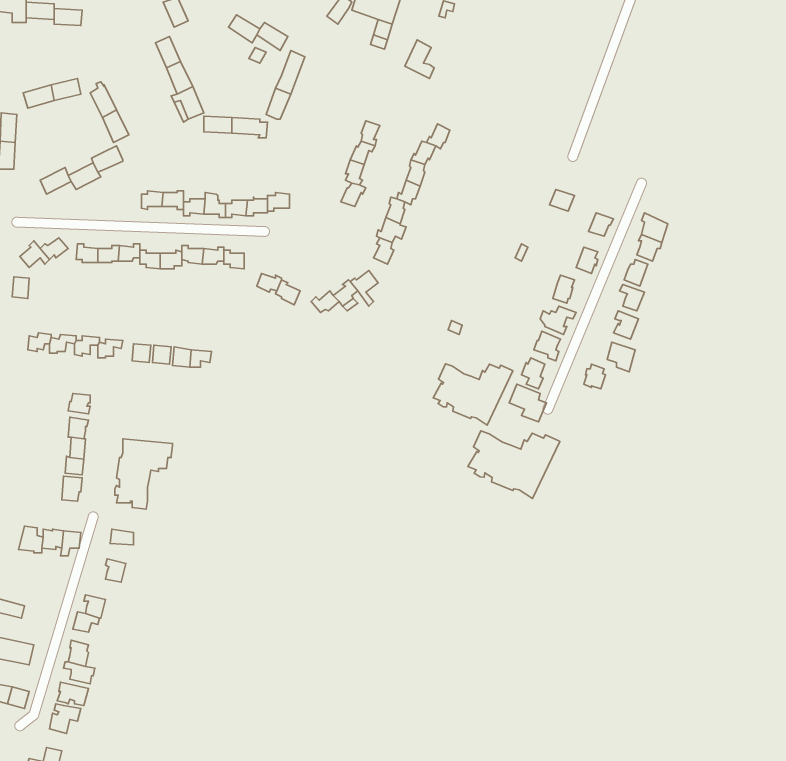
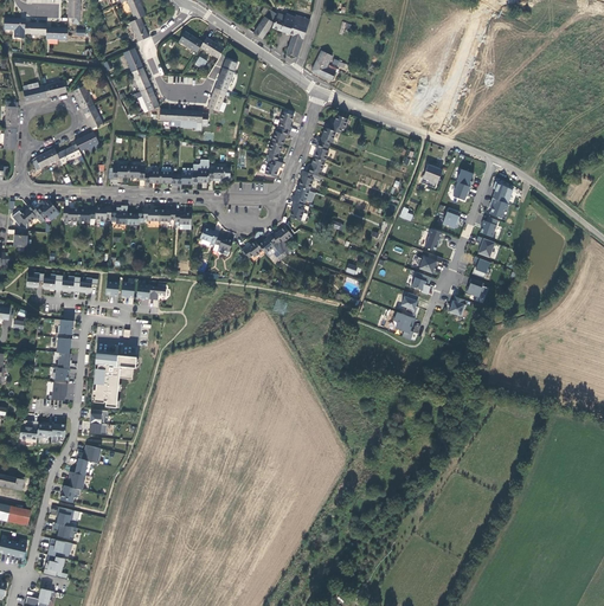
building: [433,364,513,425] -> none
building: [468,431,560,498] -> none

